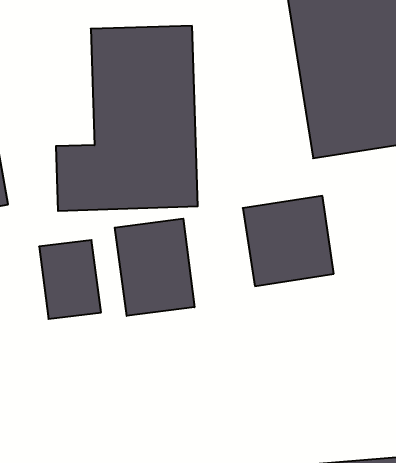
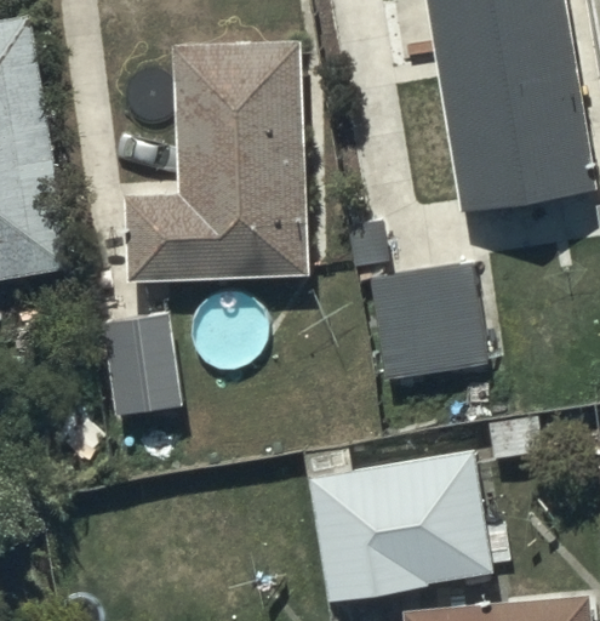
building: [115,219,194,316] -> none
building: none -> [313,449,491,600]

